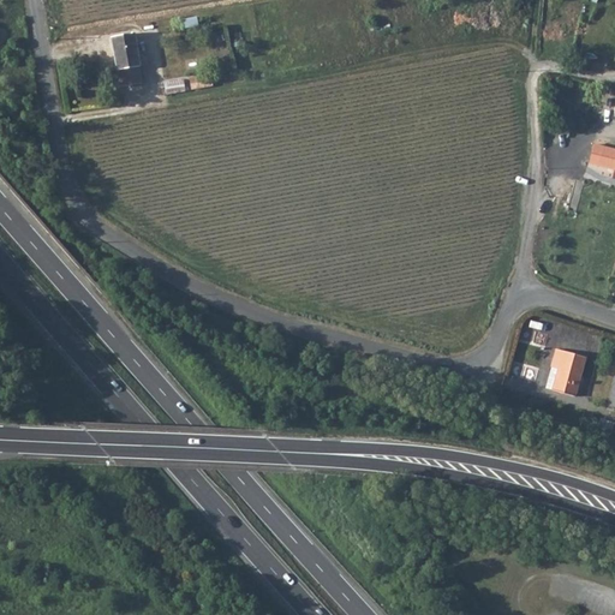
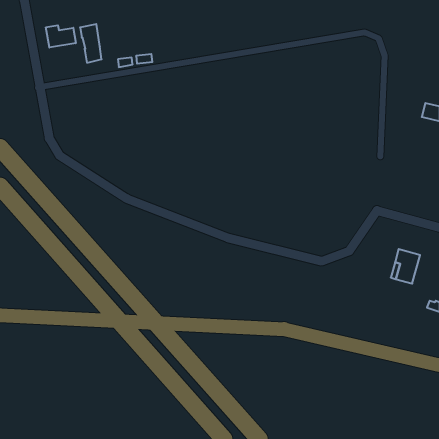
building: none -> [46,25,76,48]

